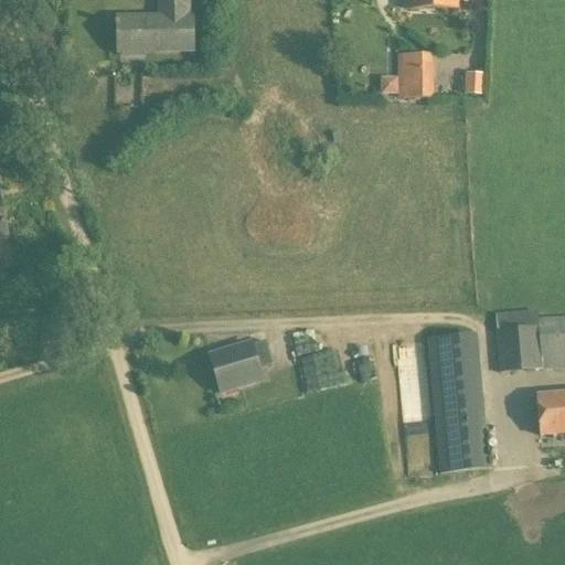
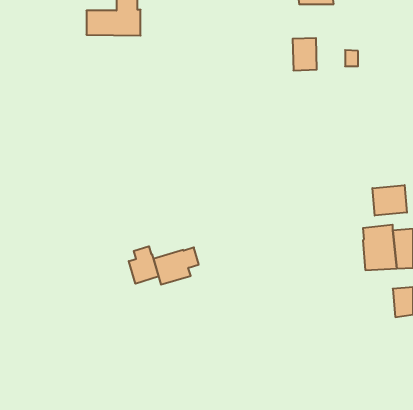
building: none -> [372,185,407,216]
building: [426,333,489,471] -> none
building: none -> [129,246,159,284]

